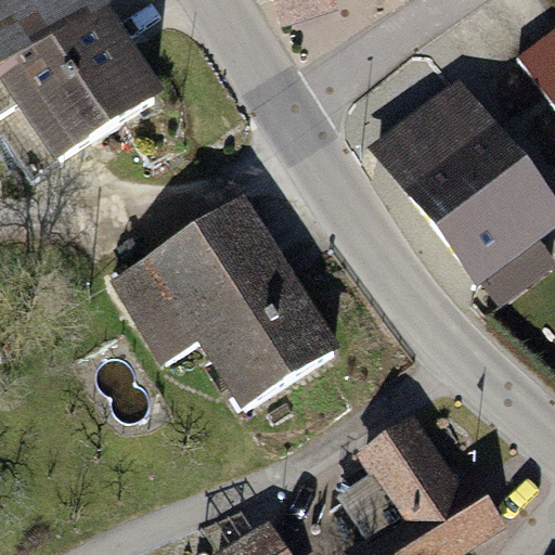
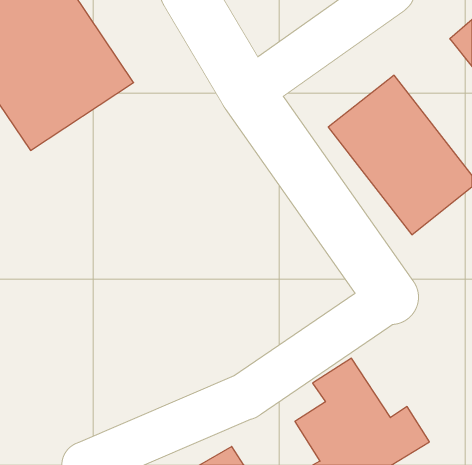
building: [118,198,334,402] -> none

